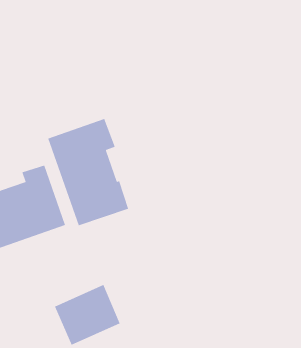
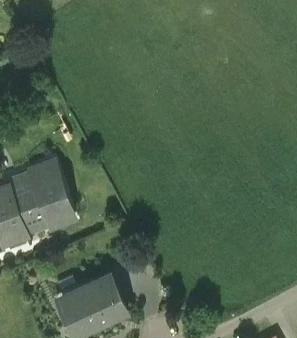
building: [47,118,129,226] -> none

